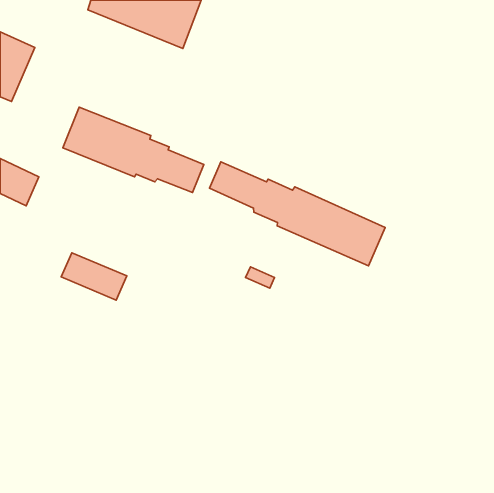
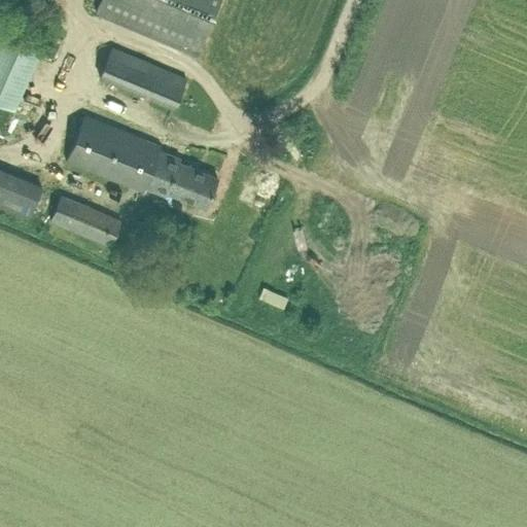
building: none -> [98,48,185,110]
building: [210,162,385,266] -> none
building: [61,253,127,300] -> [49,197,119,247]

